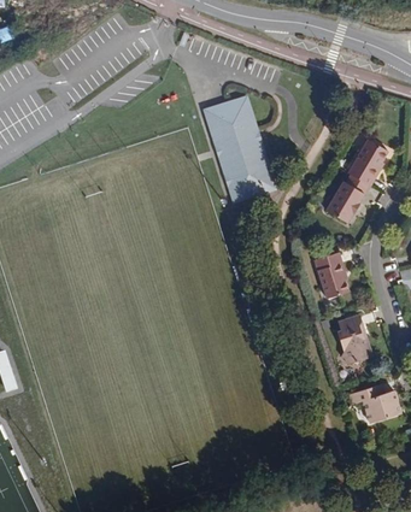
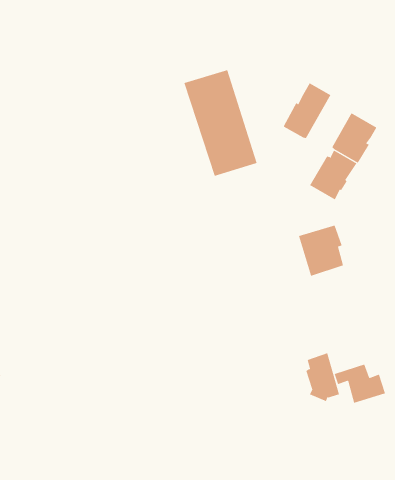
building: none -> [283,83,331,139]
building: [336,316,370,364] -> [305,353,340,402]

